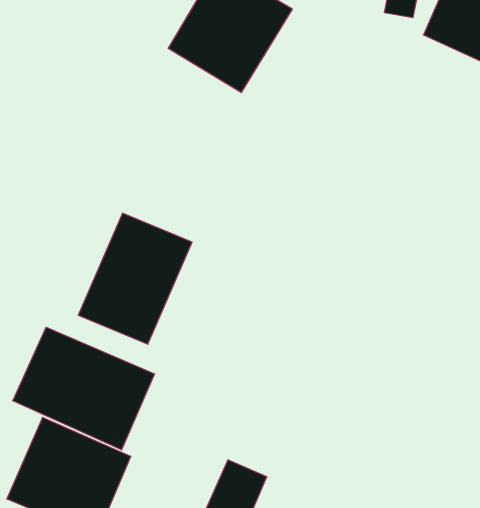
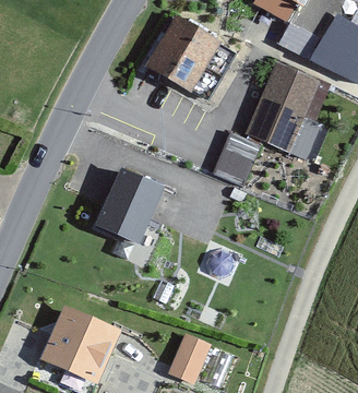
building: none -> [251,69,326,154]
building: none -> [211,133,258,183]
building: [13,327,155,450] -> none

